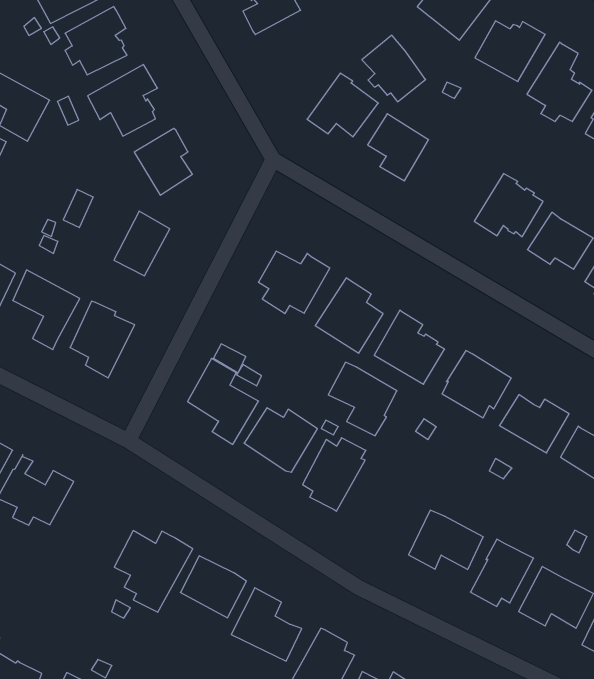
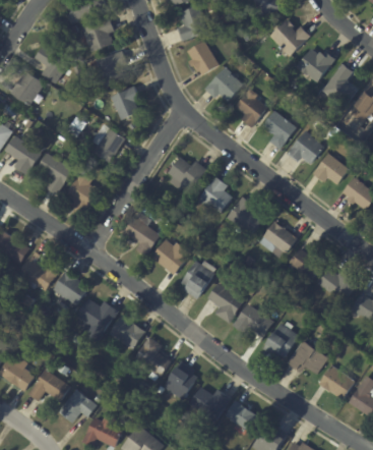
building: [362,35,426,102] -> [186,40,219,75]
building: none -> [262,111,297,150]
building: [328,362,397,436] -> [206,283,243,324]
building: none -> [52,270,87,304]

